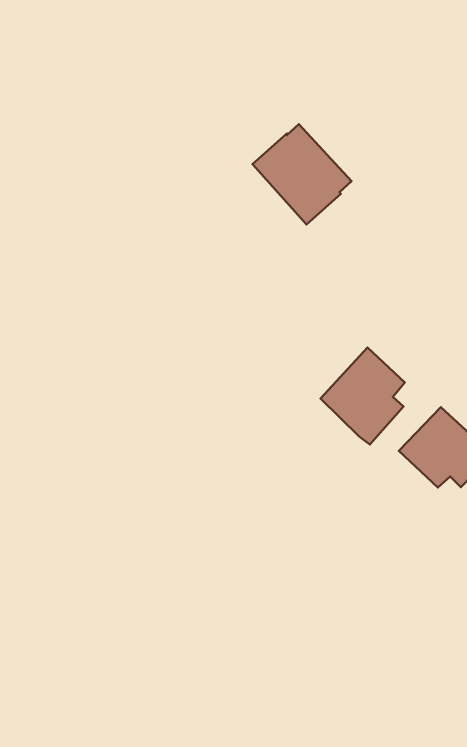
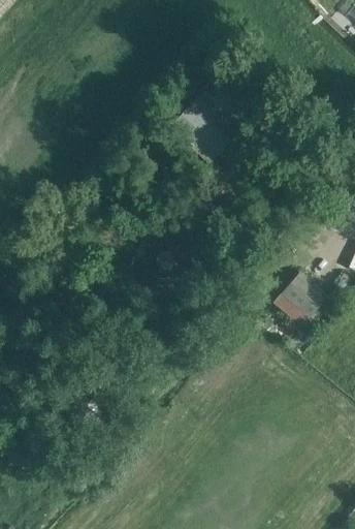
building: [320,347,405,444] -> none

